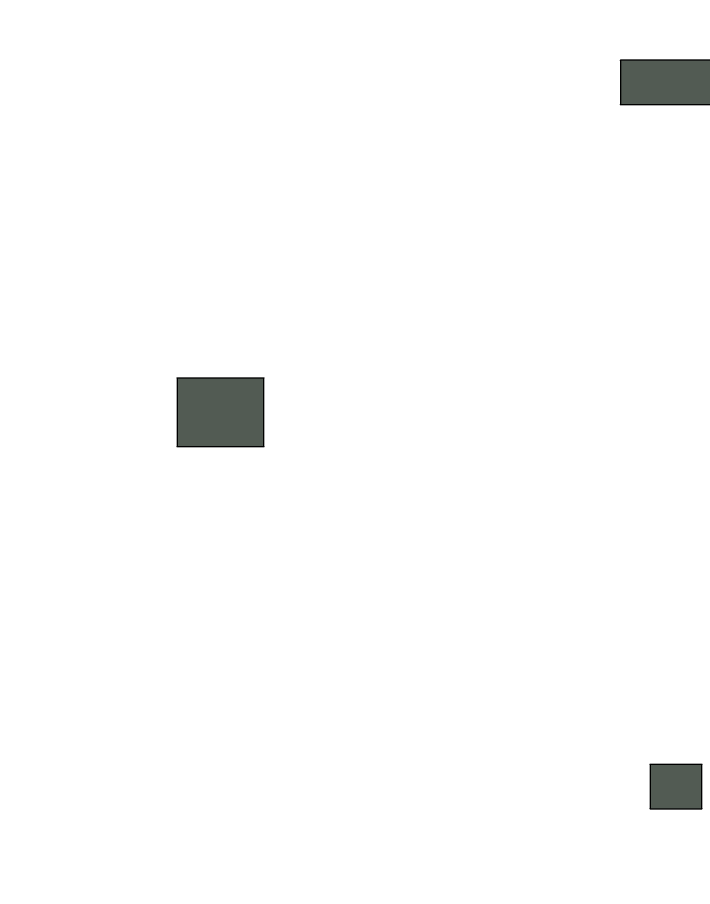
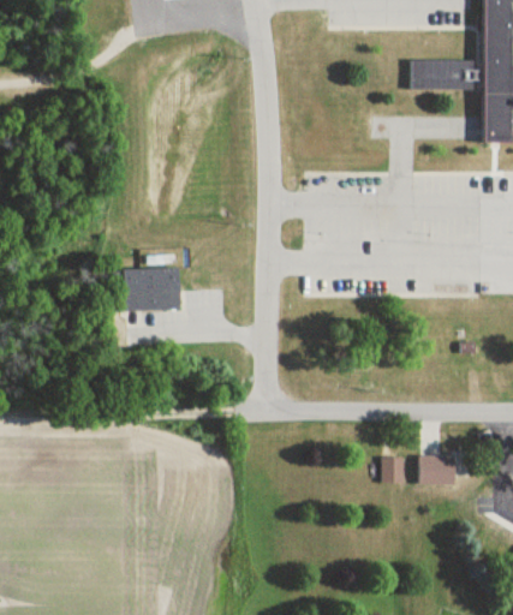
building: none -> [383,456,405,483]
building: [650,764,702,809] -> [422,455,455,484]

